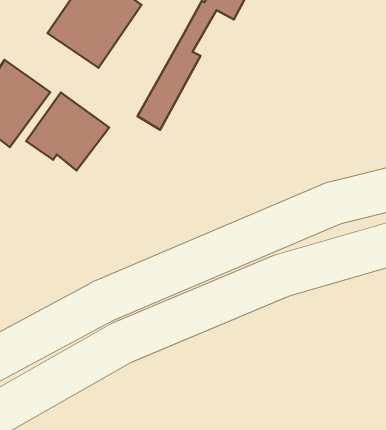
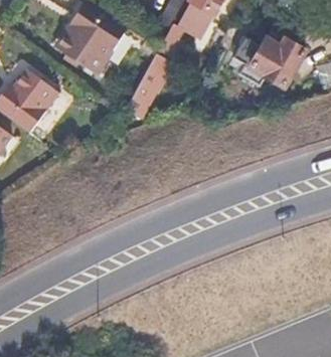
building: none -> [222,32,300,85]
building: [26,92,109,171] -> none

